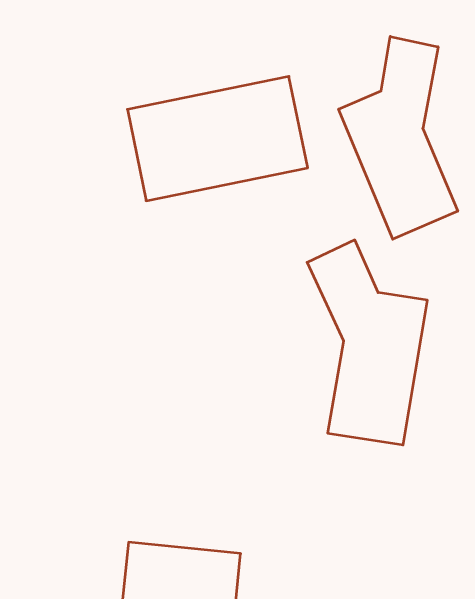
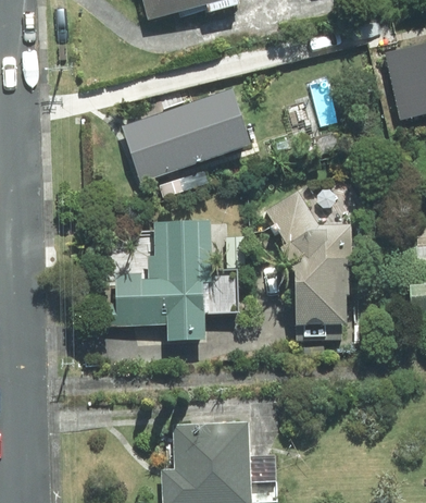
building: [339,36,458,239] -> none
building: none -> [116,219,237,340]

